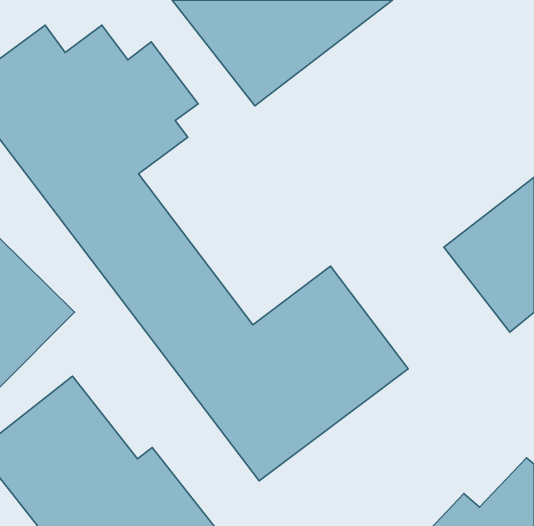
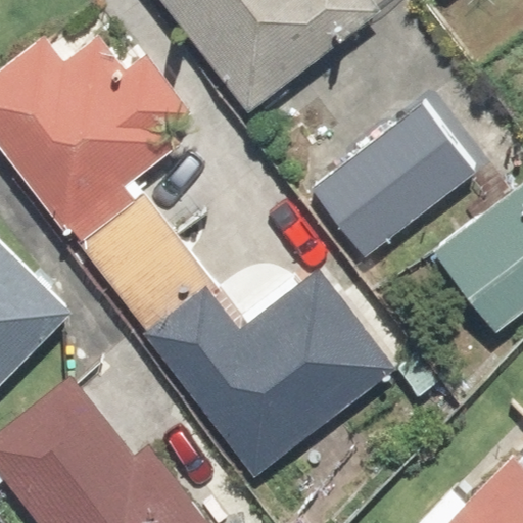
building: none -> [311,106,473,256]

